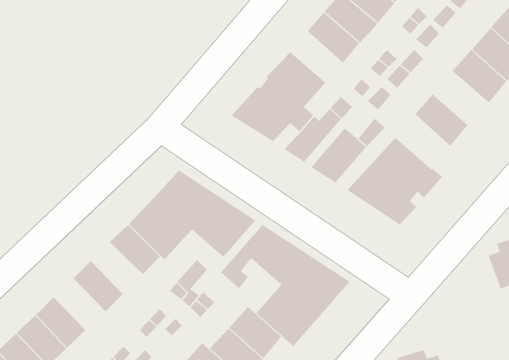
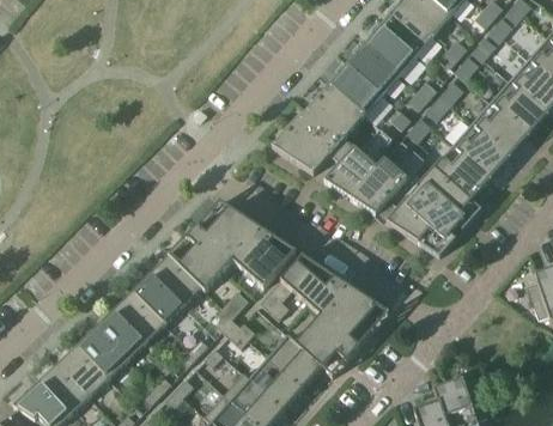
building: none -> [330,63,383,115]
building: none -> [472,103,528,157]
building: none -> [434,146,490,200]
building: none -> [133,273,184,324]
building: none -> [96,309,147,360]

